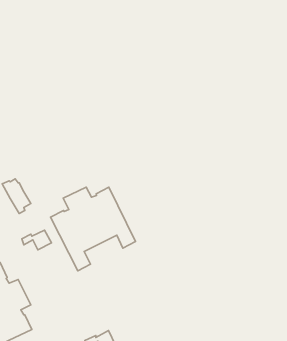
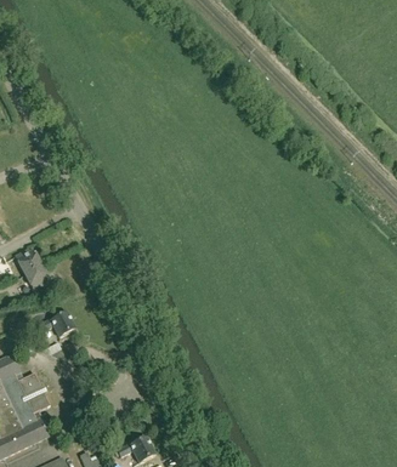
building: [51,187,136,271] -> none

